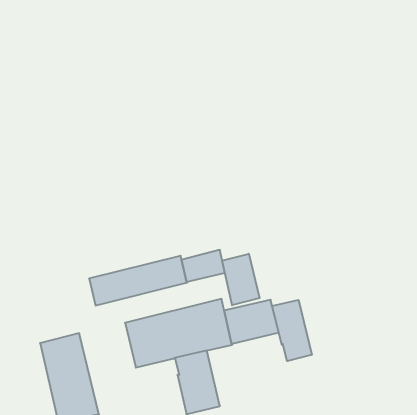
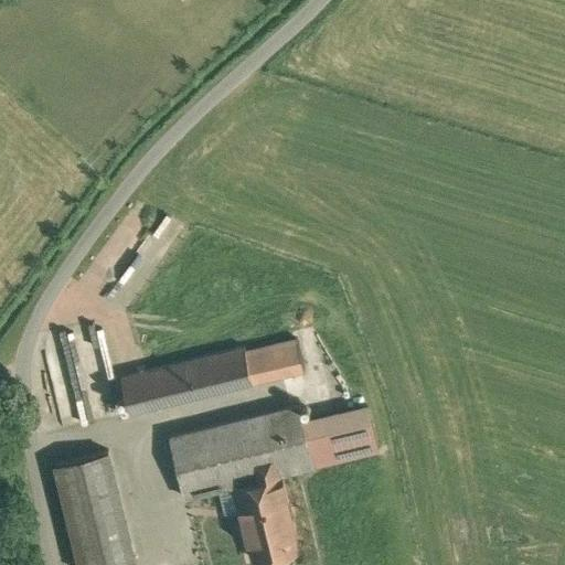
building: [222,254,260,305] -> none
building: [272,300,312,361] -> none

